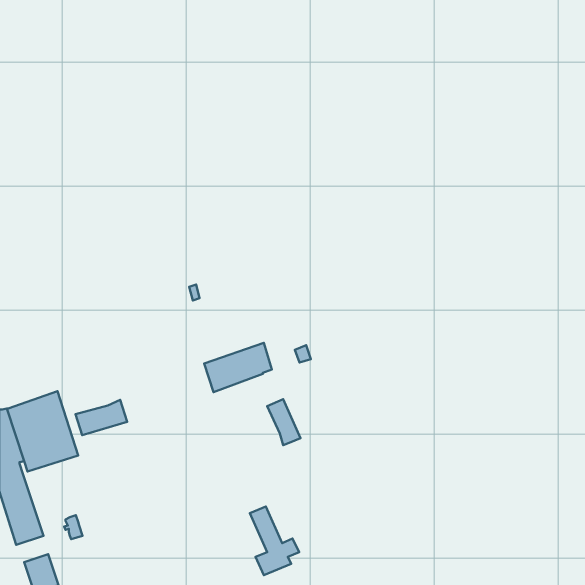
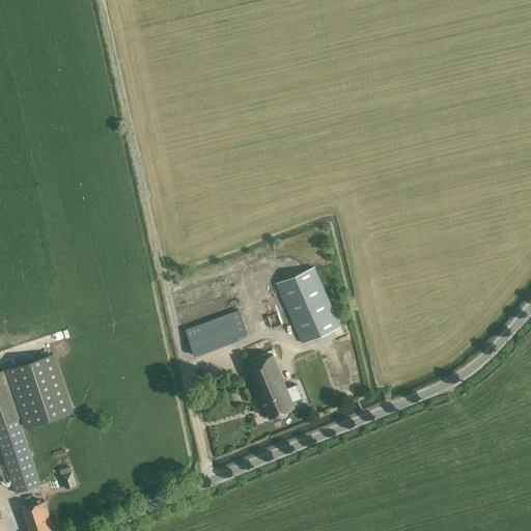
building: none -> [275,268,339,344]
building: [76,400,127,435] -> none
building: [250,506,299,575] -> [256,356,301,418]

